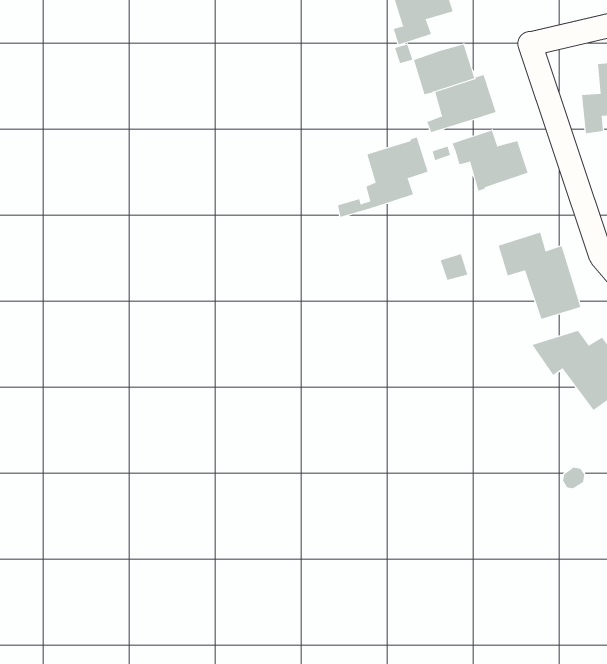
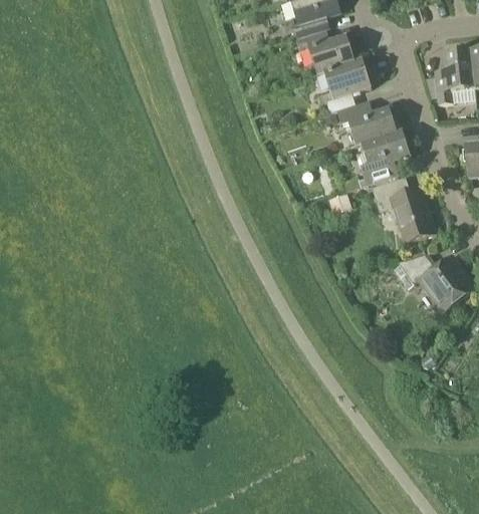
building: [337,137,429,217] -> [341,131,410,191]

